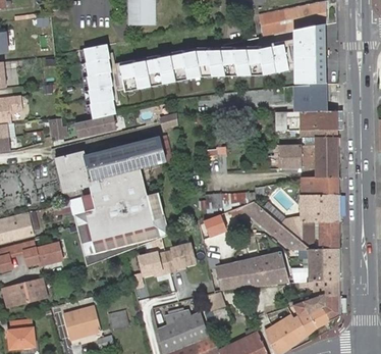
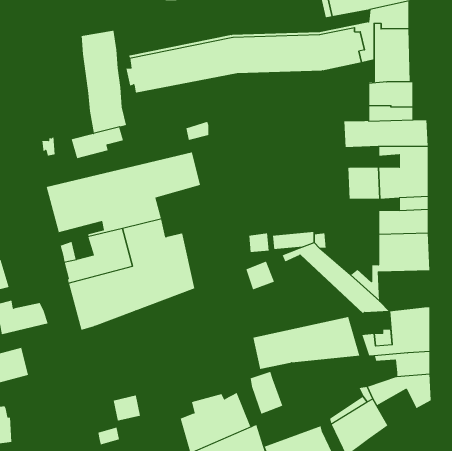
building: [301,220,338,250] -> none
building: [139,244,196,282] -> none
building: [61,307,99,338] -> none
building: [300,307,328,334] -> none

